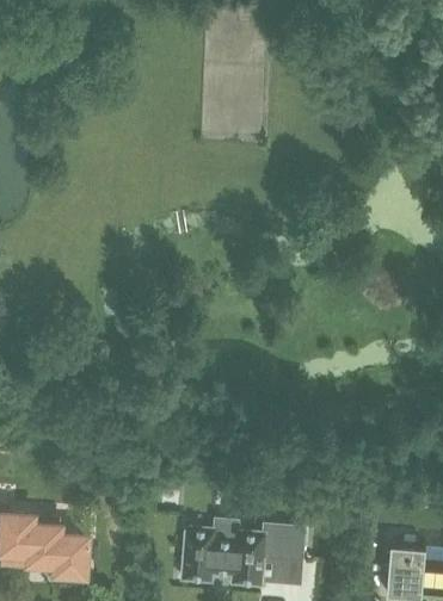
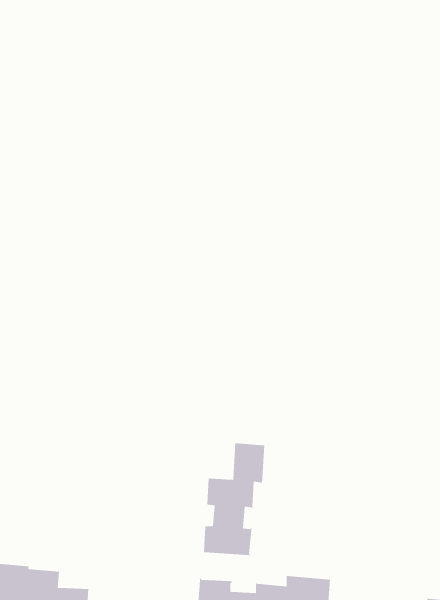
building: none -> [203,443,265,556]

